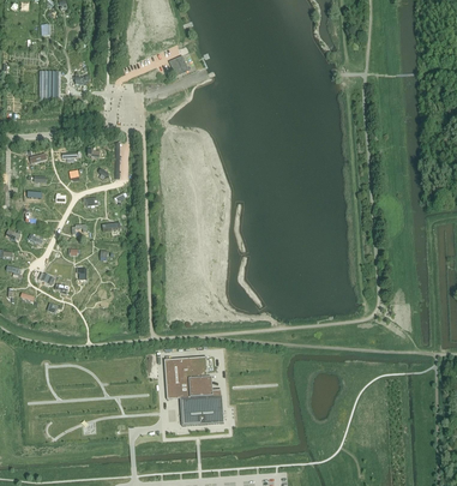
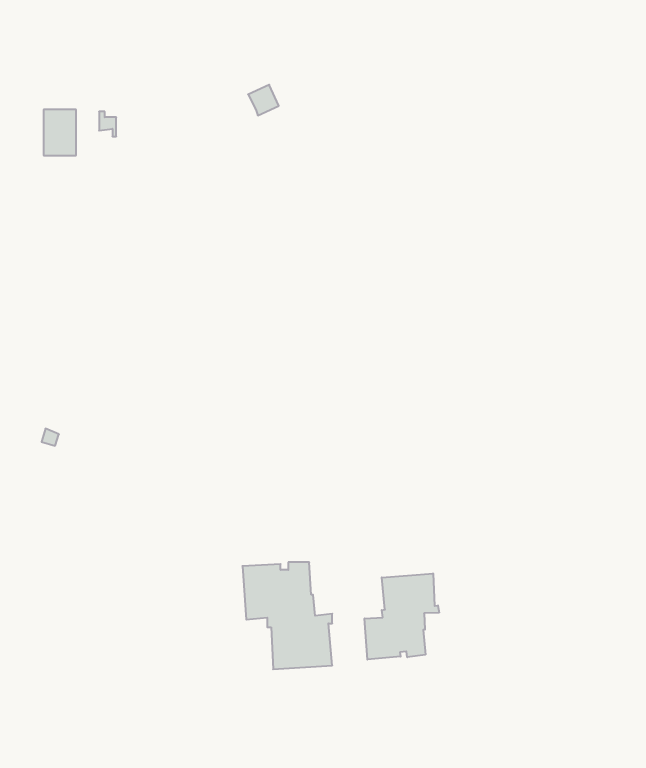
building: none -> [365,573,439,660]

